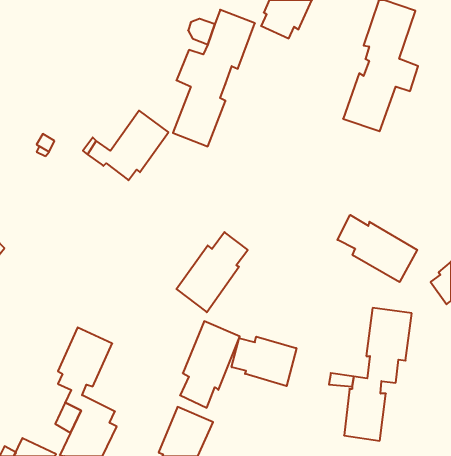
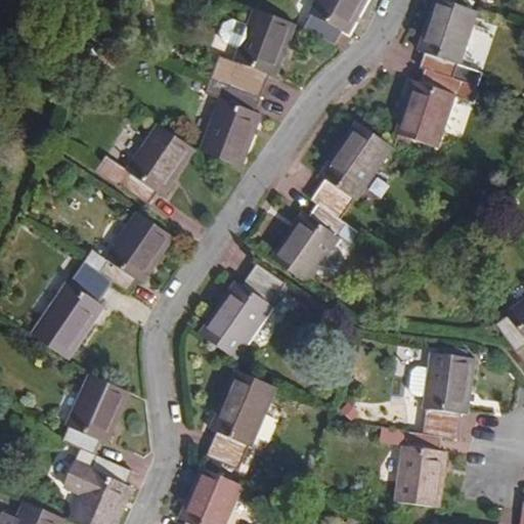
building: none -> [270,122,391,283]
building: none -> [31,214,170,359]
building: [337,215,417,282] -> none
building: [232,337,296,386] -> none

